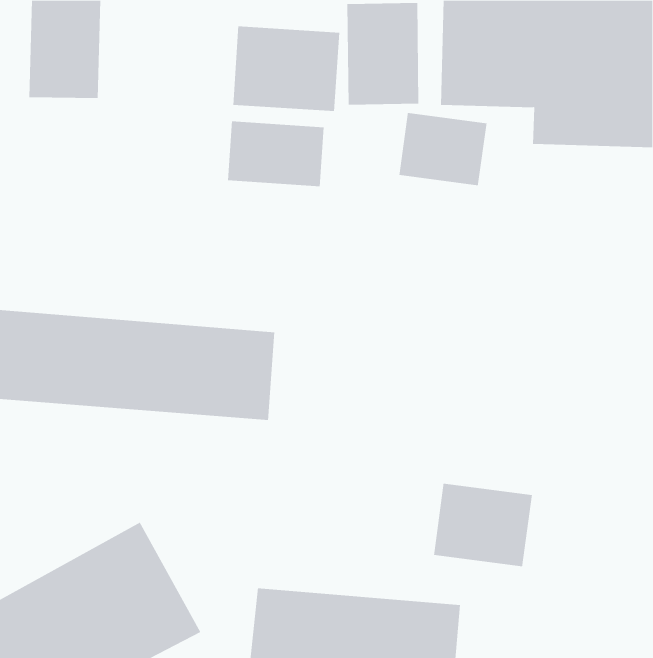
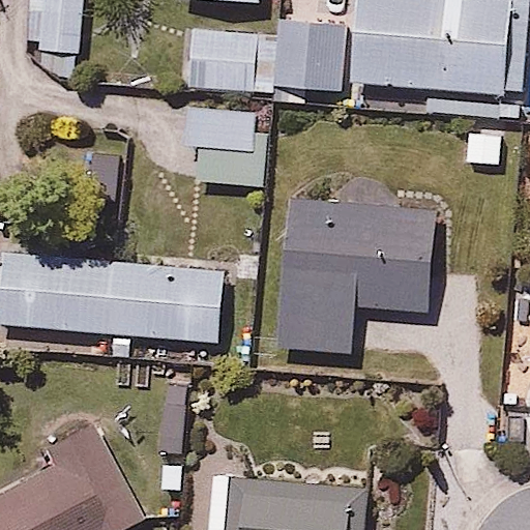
building: [399,112,487,186] -> none
building: none -> [271,195,447,356]
building: [433,483,532,567] -> none

